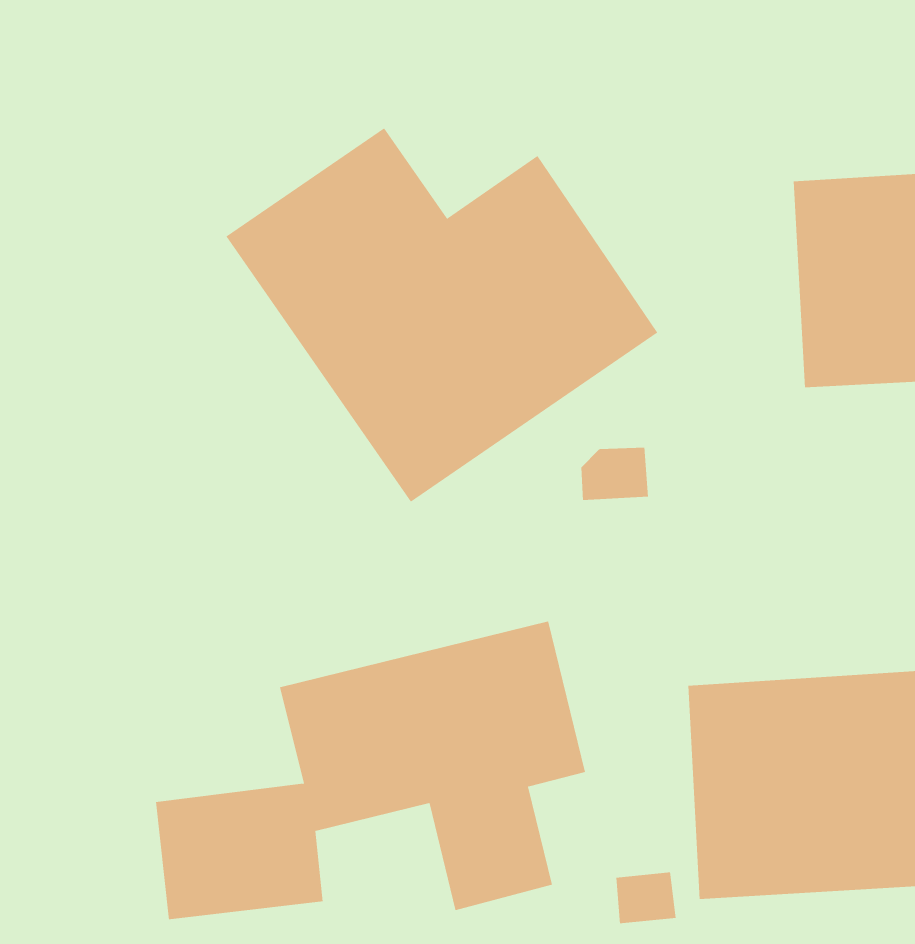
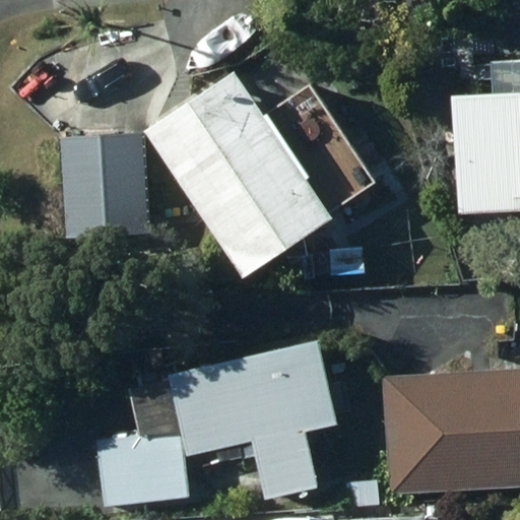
building: none -> [34,131,123,235]

